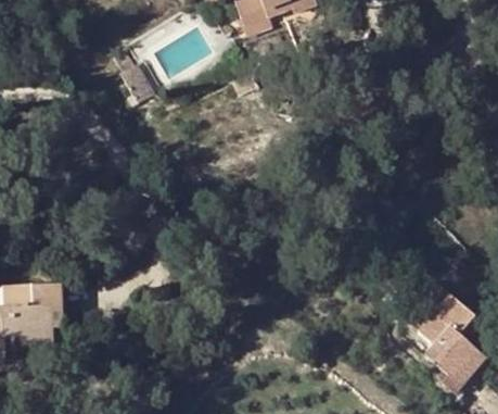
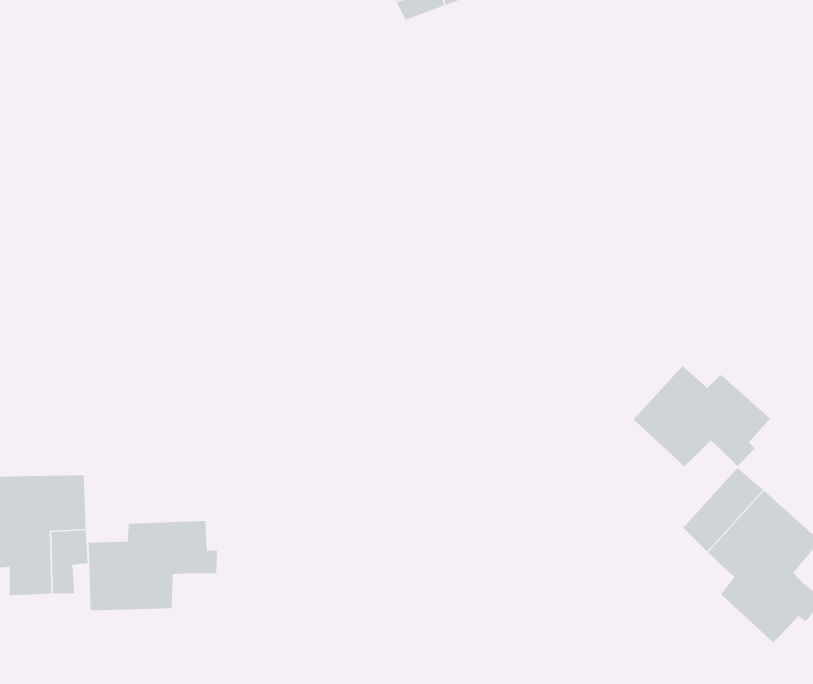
building: none -> [633,365,771,467]
building: none -> [88,520,218,611]

